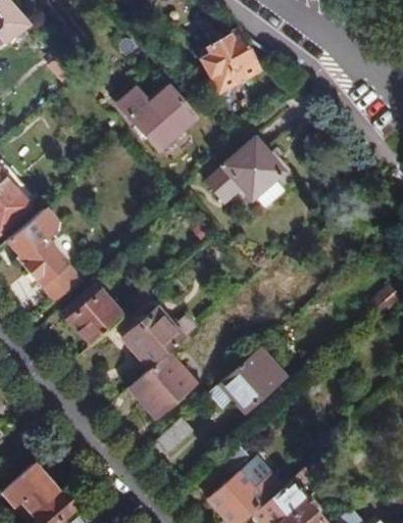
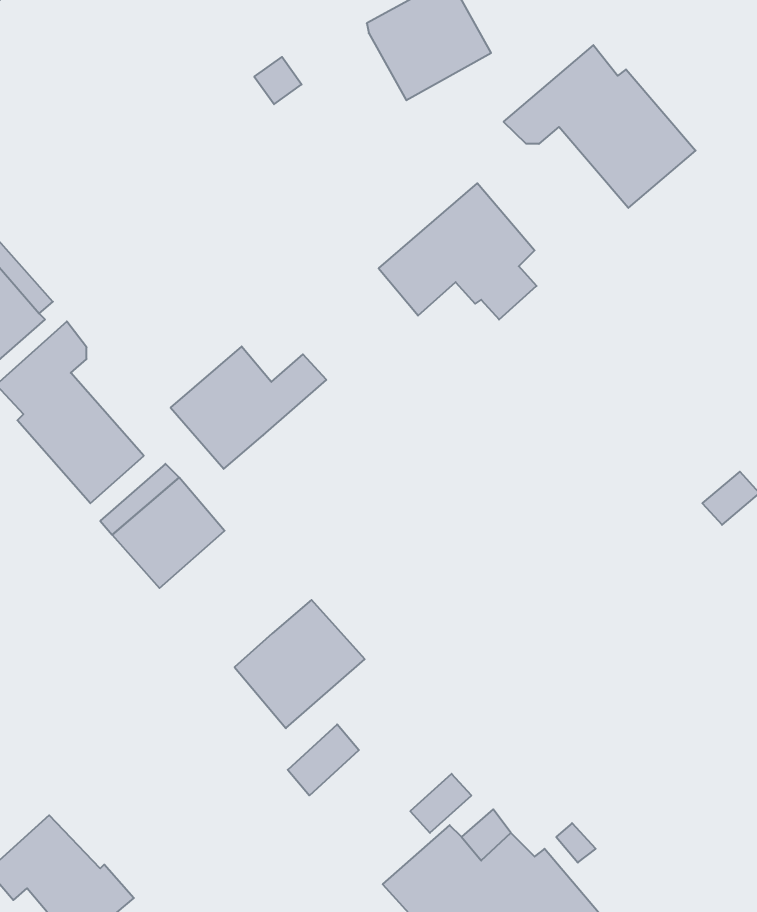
building: none -> [504,45,696,208]
building: [117,85,197,151] -> none
building: [120,306,201,370] -> [171,346,326,469]
building: [217,347,286,414] -> none

